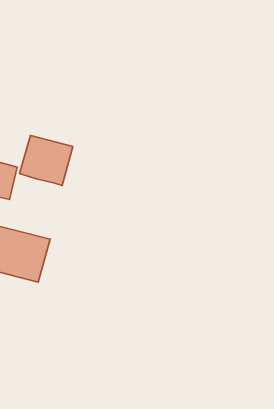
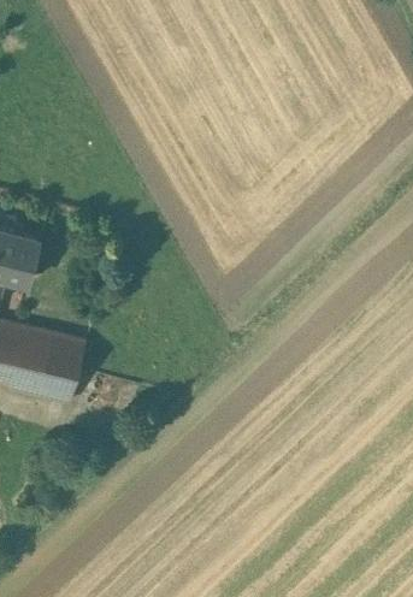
building: [19,136,73,186] -> none

